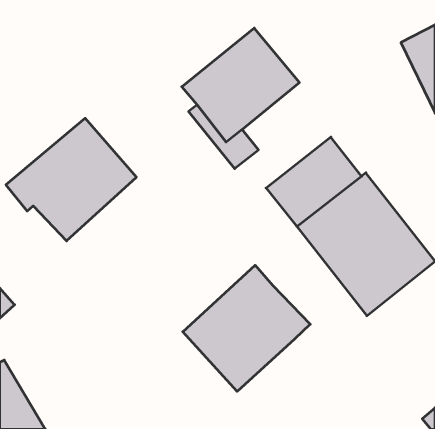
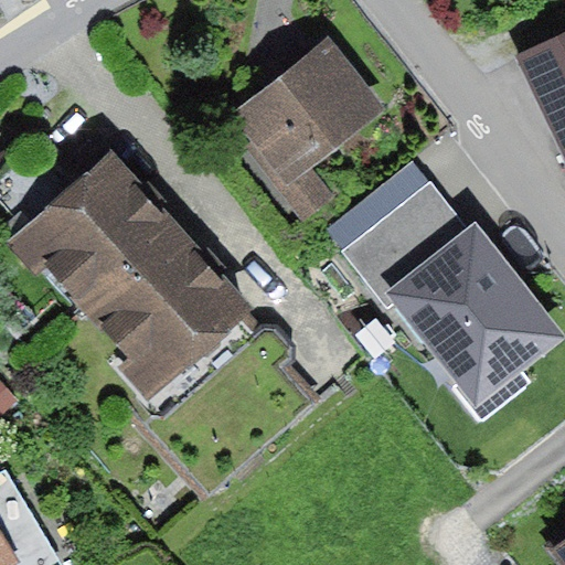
building: none -> [86,230,255,407]
building: [183,265,310,391] -> none

